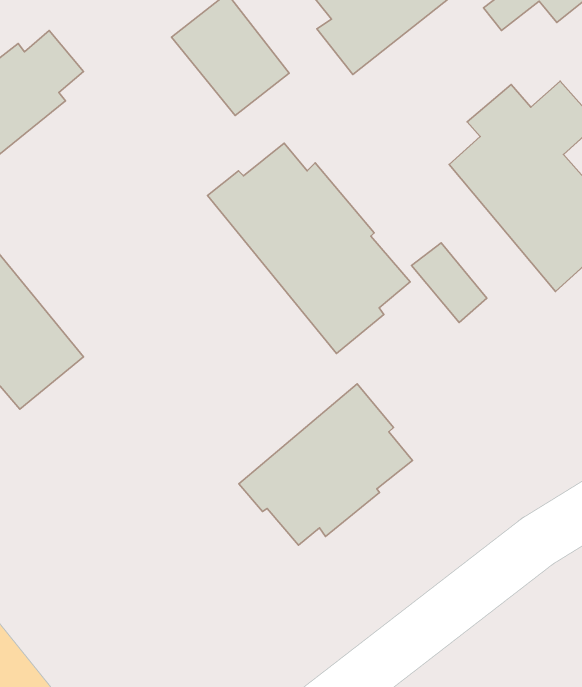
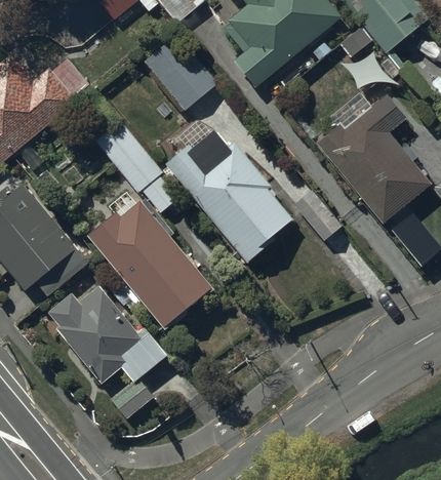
building: none -> [93,121,211,326]
building: [239,384,413,545] -> none
building: none -> [49,284,168,419]

